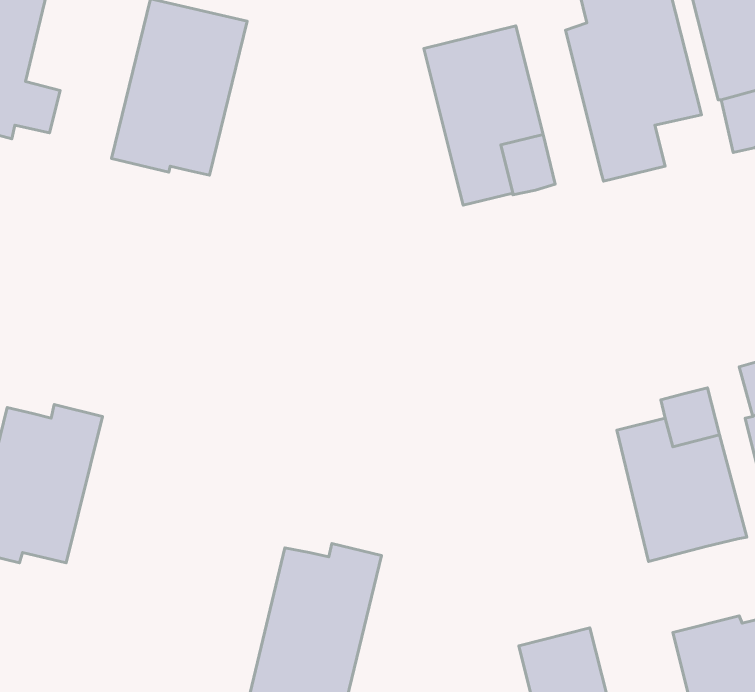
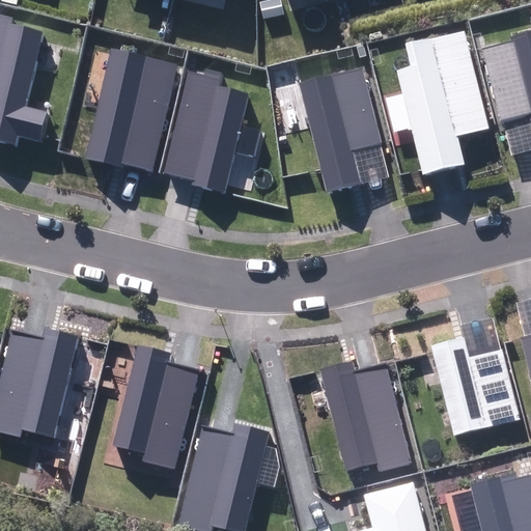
building: none -> [164,68,249,192]
building: none -> [113,345,199,469]
building: none -> [322,361,412,471]

